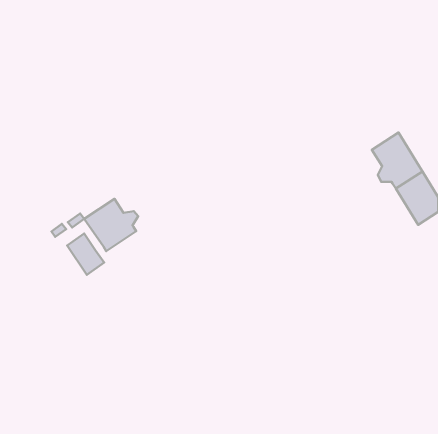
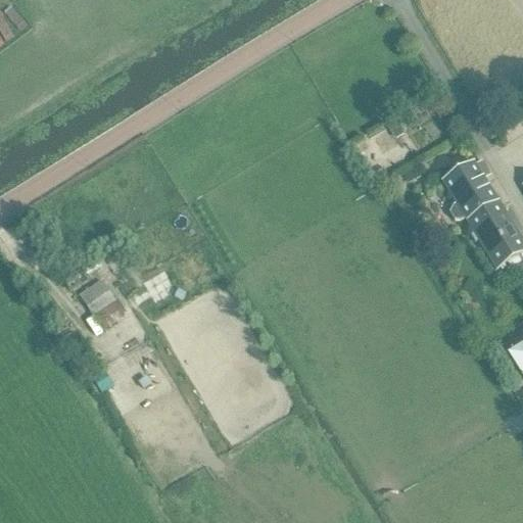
building: [84,199,138,251] -> none

